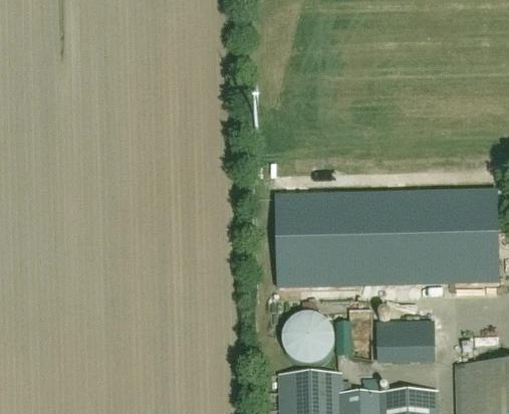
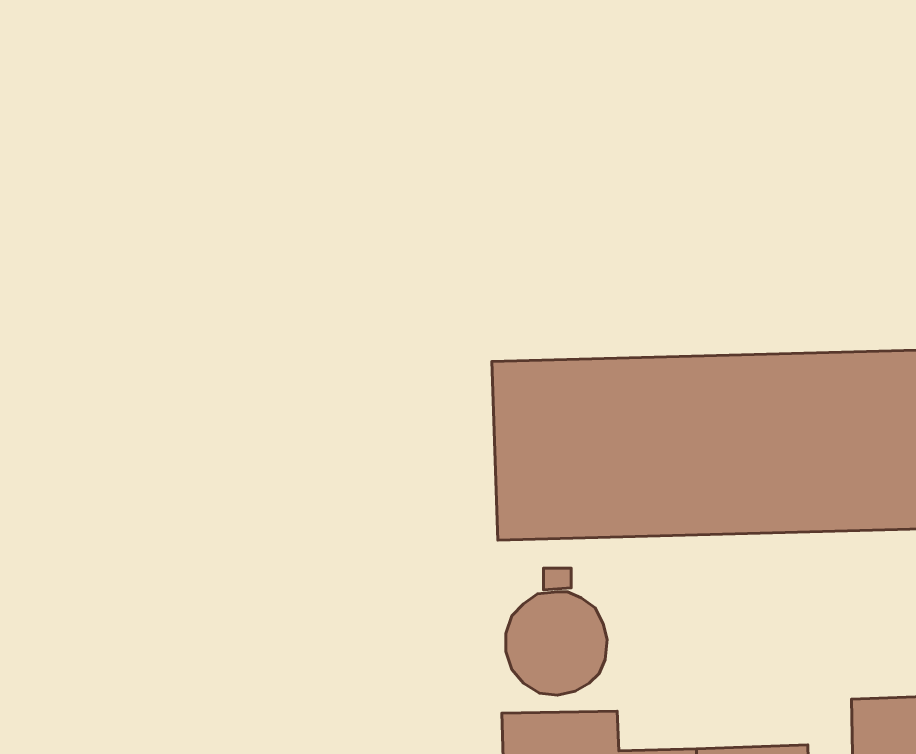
building: [376,319,436,364] -> none

